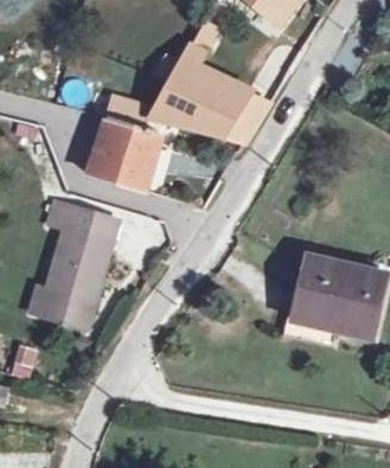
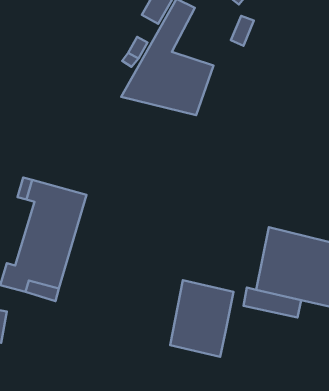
building: [100,100,171,194] -> none
building: none -> [170,280,234,357]

